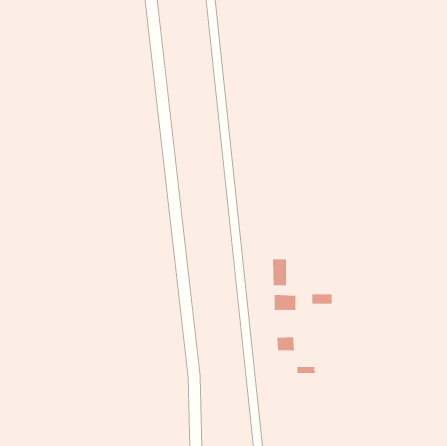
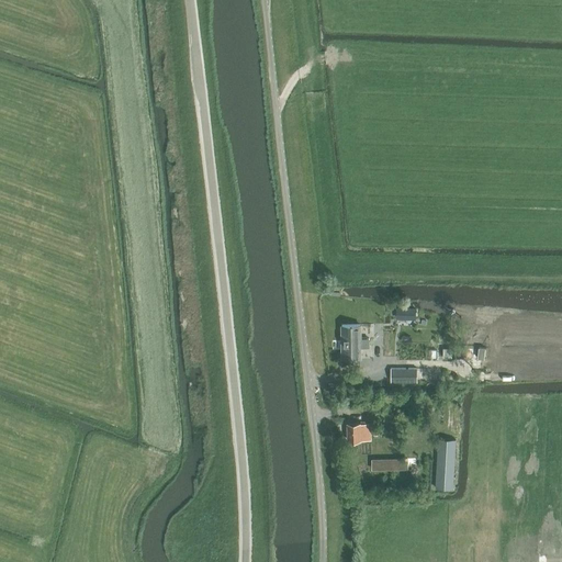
building: [274,294,296,311] -> none
building: none -> [436,440,456,491]

